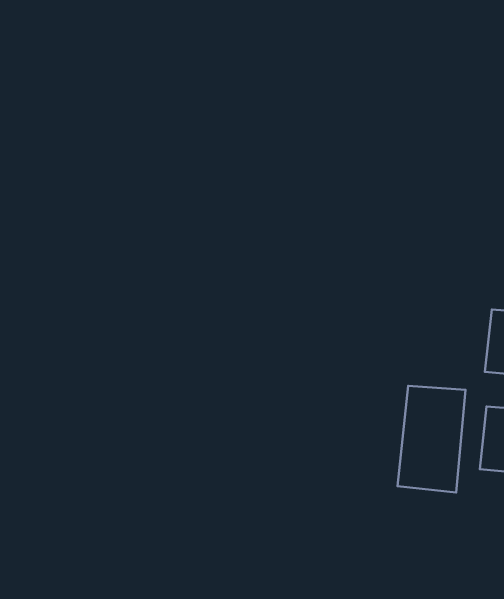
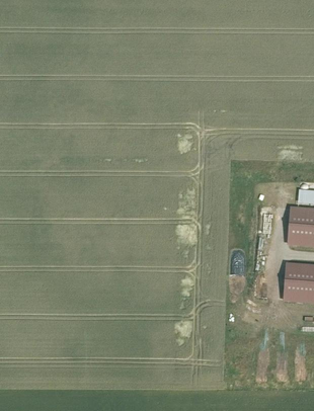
building: [398,386,466,492] -> none

